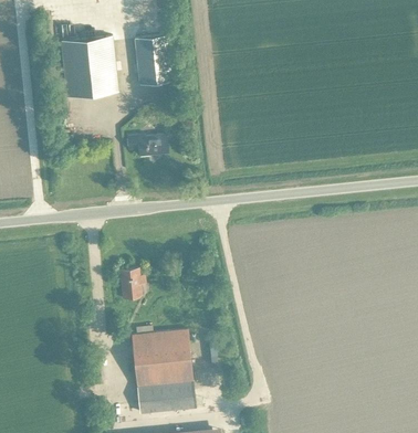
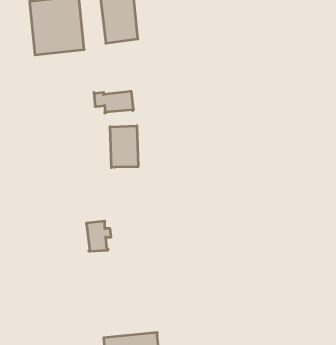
building: none -> [110,126,138,168]
building: [133,330,194,389] -> none

